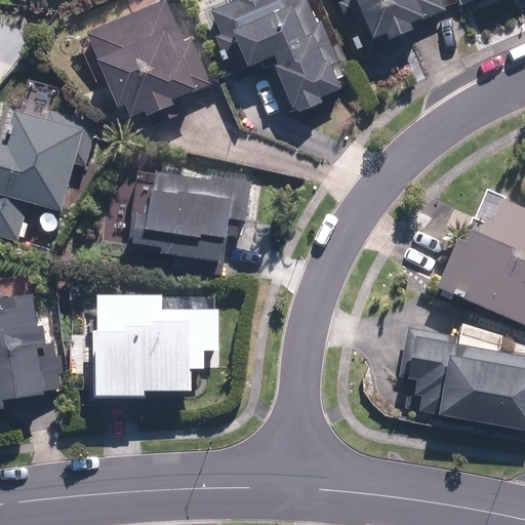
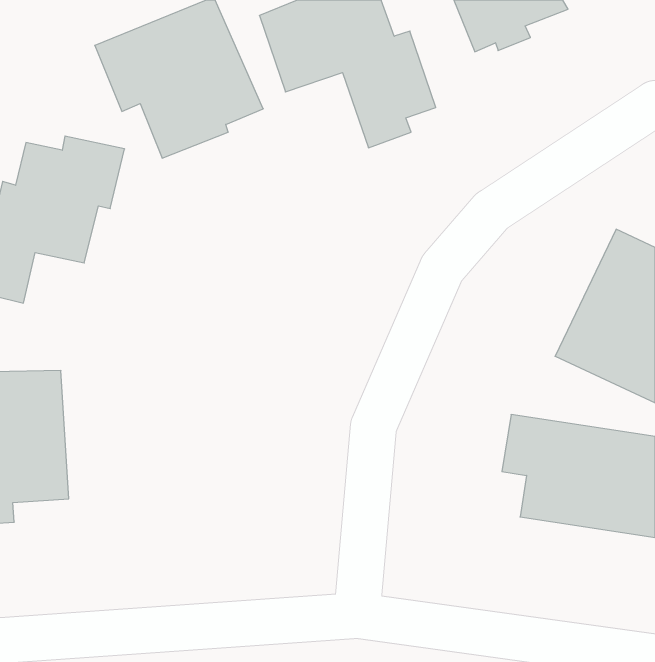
building: [131,167,256,261] -> none
building: [93,293,221,400] -> none

